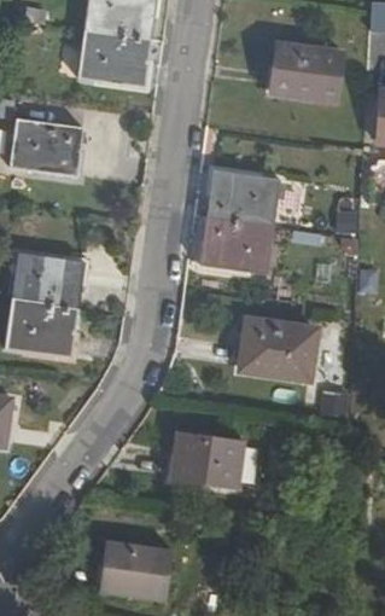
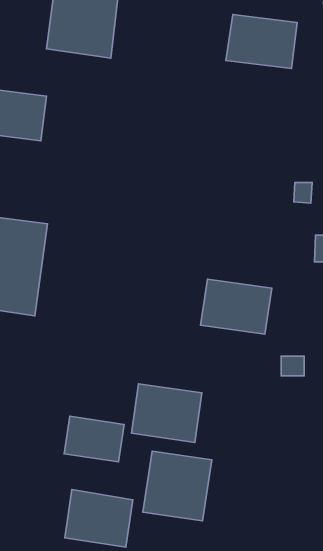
building: [200,169,280,273] -> none
building: none -> [64,416,124,462]
building: none -> [143,451,212,521]

